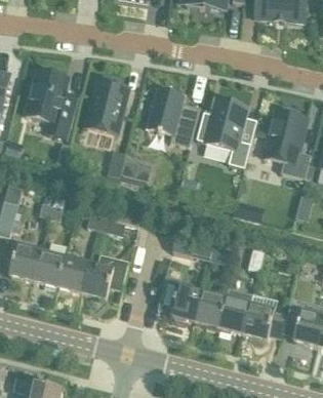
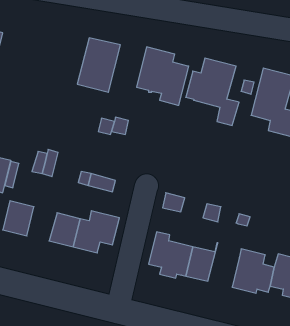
building: [25,69,76,137] -> none
building: [34,250,65,285] -> none
building: [218,287,252,332] -> none

